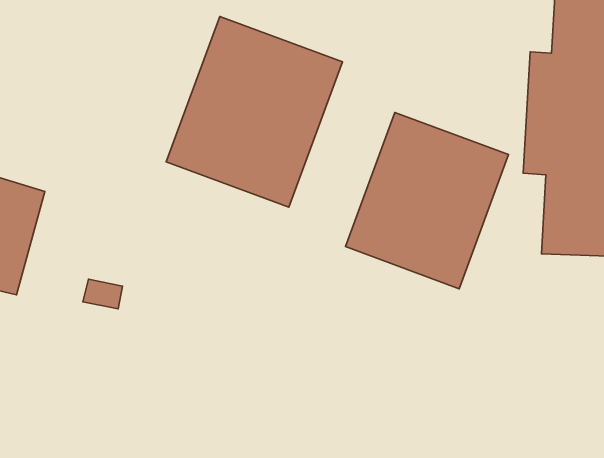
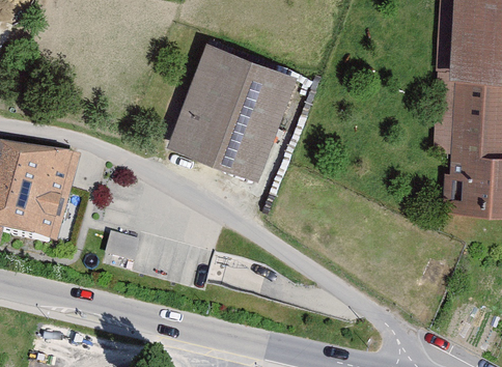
building: [345,112,509,289] -> none

